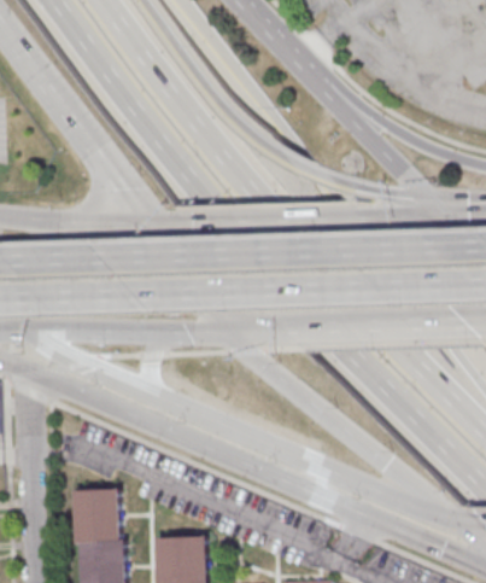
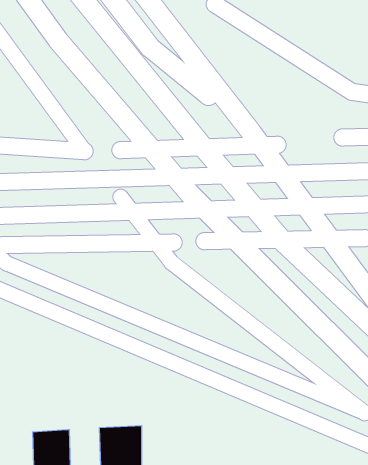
building: [74,490,118,543] -> none

